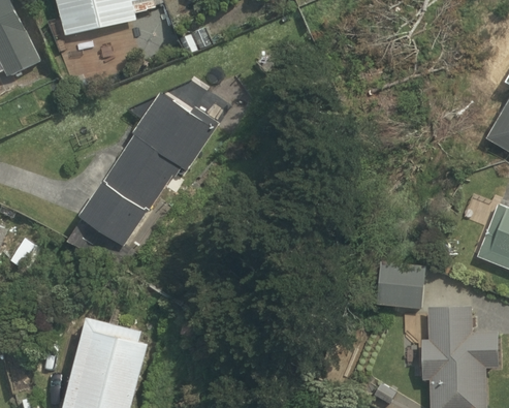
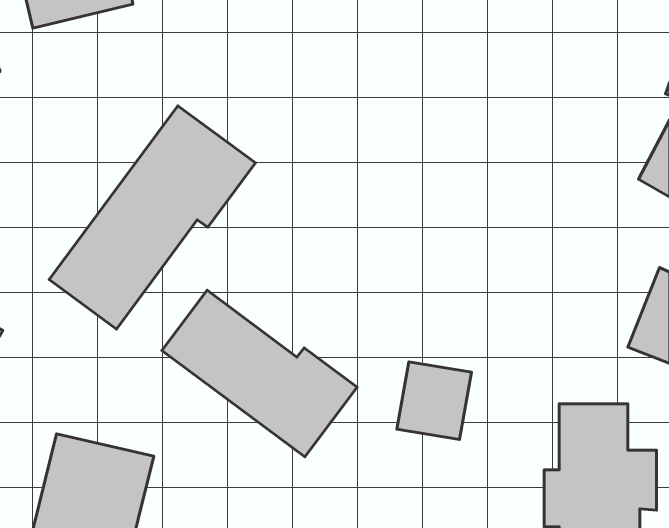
building: none -> [162,290,357,457]
building: [373,258,424,312] -> [397,362,471,440]

